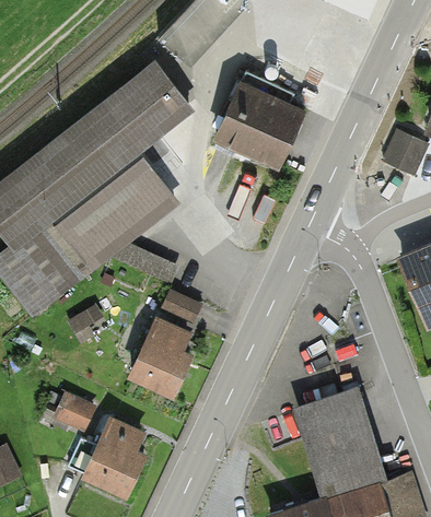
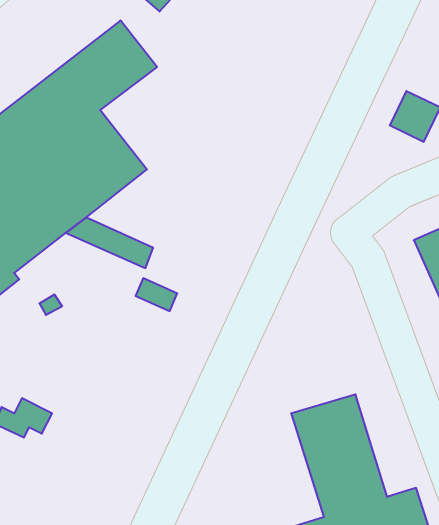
building: [216,71,301,162] -> none
building: [129,317,187,391] -> none
building: [67,418,142,492] -> none

